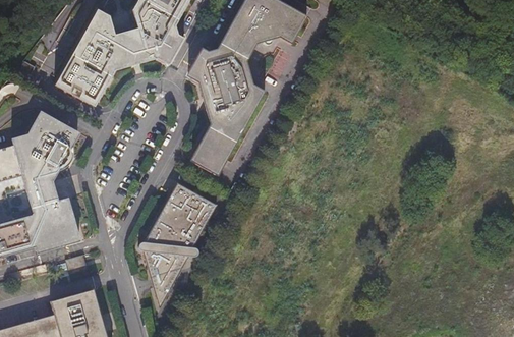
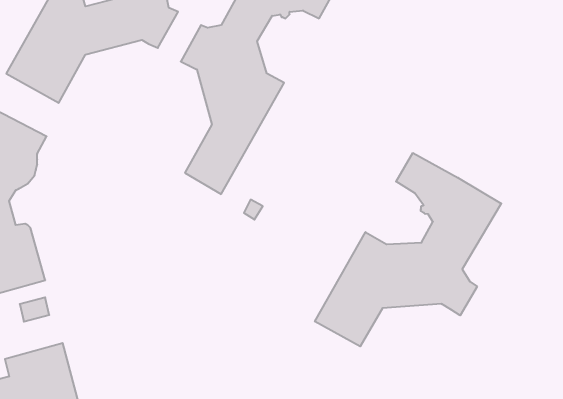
building: none -> [315,153,501,346]
building: [138,184,216,310] -> none

